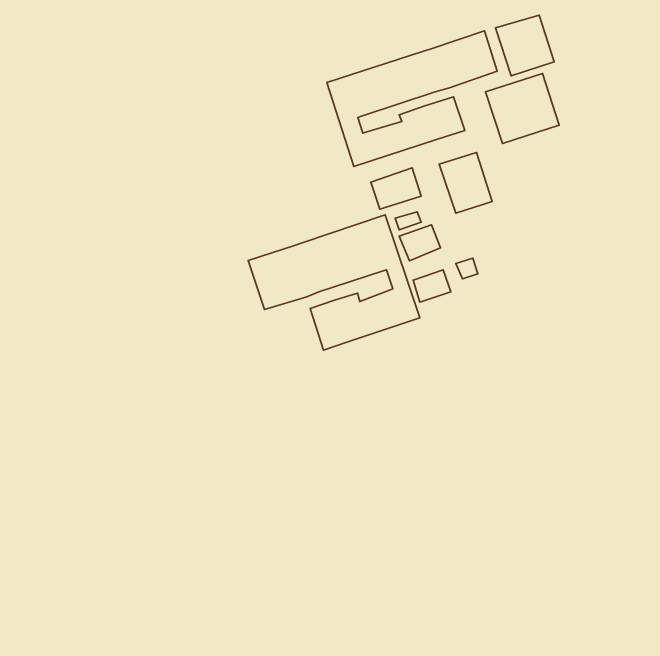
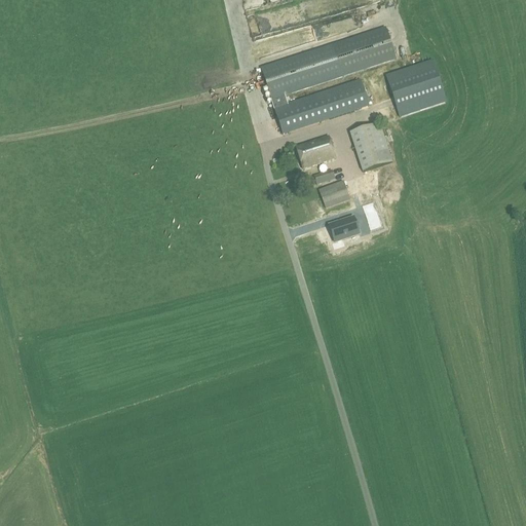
building: [495,15,554,76] -> none
building: [248,215,420,350] -> none

